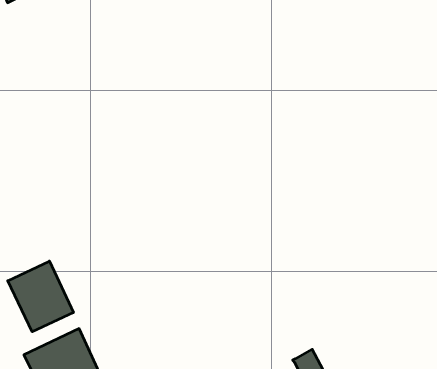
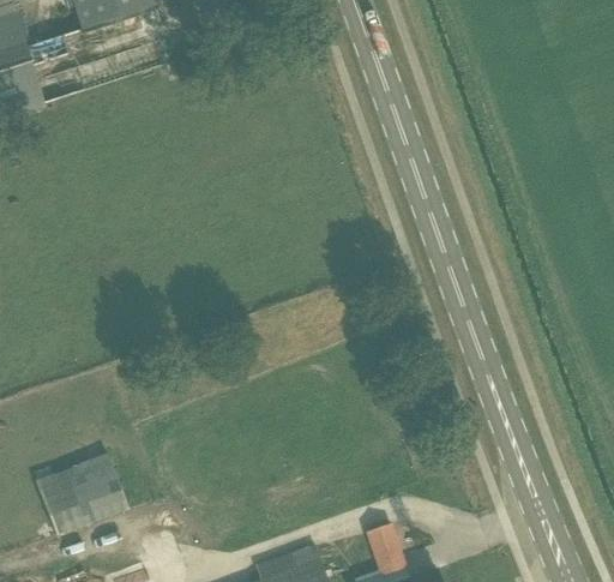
building: [8,261,73,332] -> none

